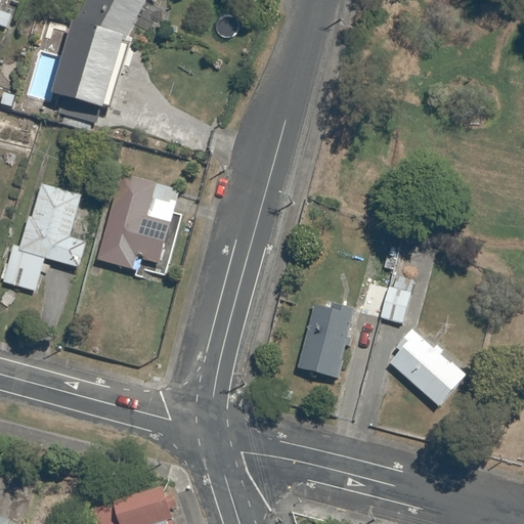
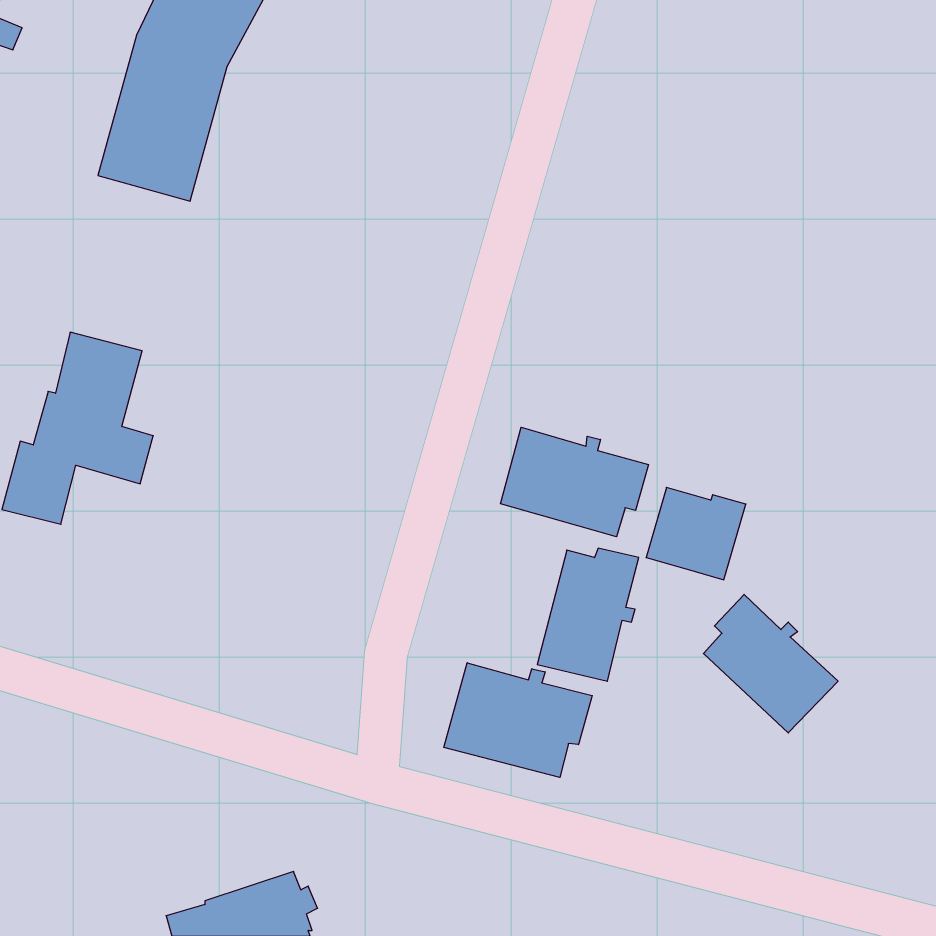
building: [95,174,177,271] -> none
building: none -> [500,427,649,537]
building: none -> [444,663,592,777]

